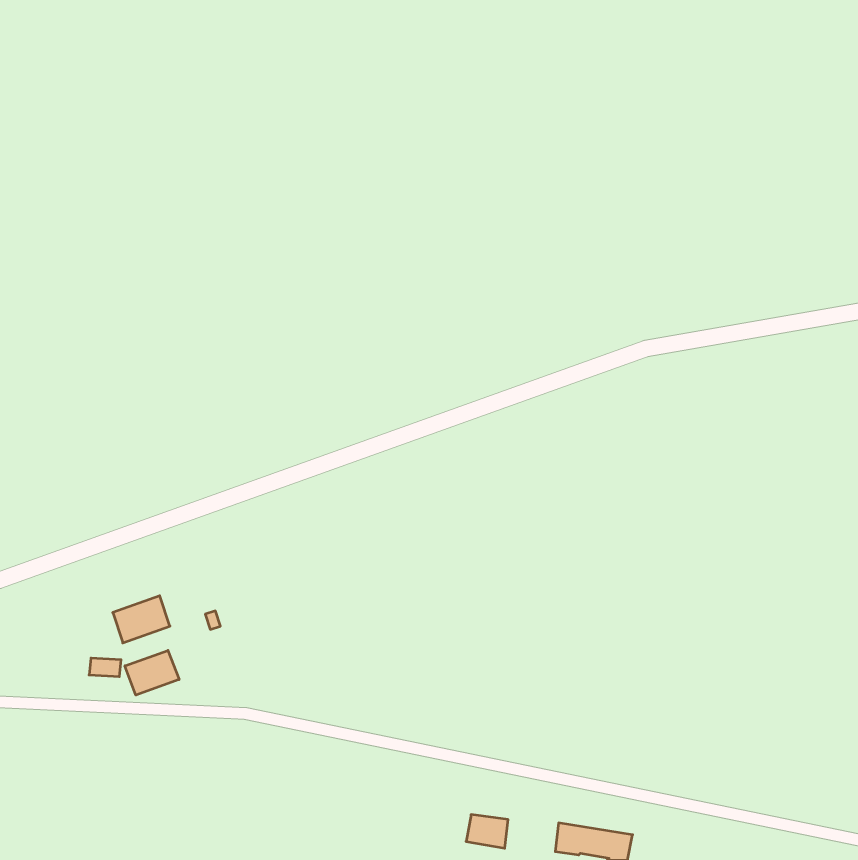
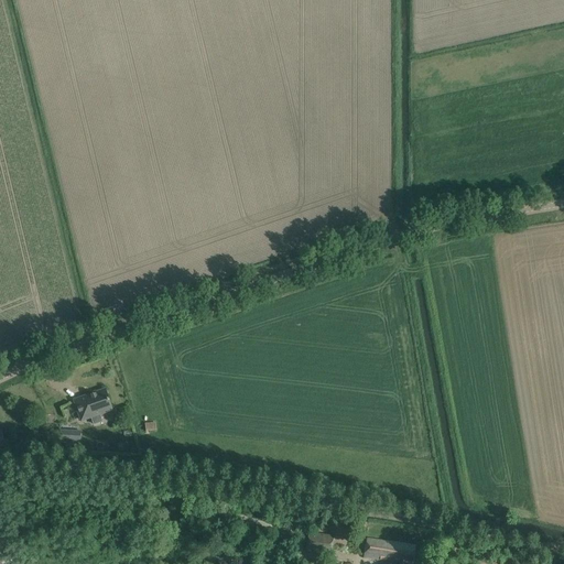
building: [125,650,179,695] -> none

